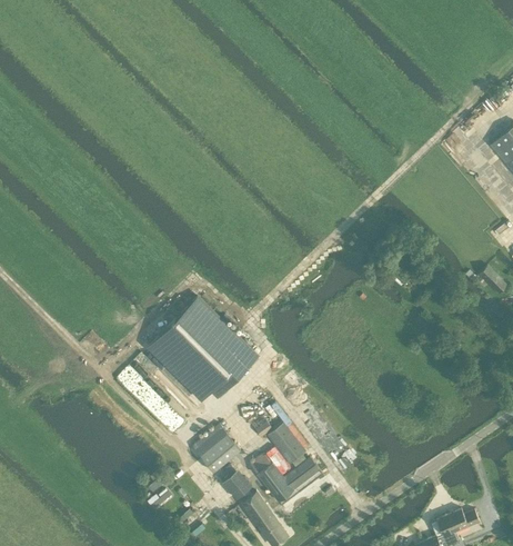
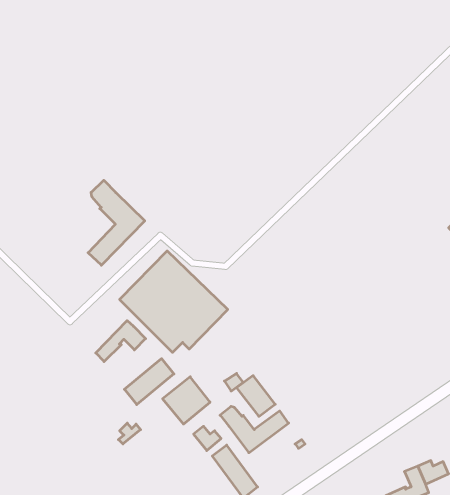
building: none -> [88,180,145,265]
building: none -> [96,321,146,362]
building: none -> [124,359,174,405]

